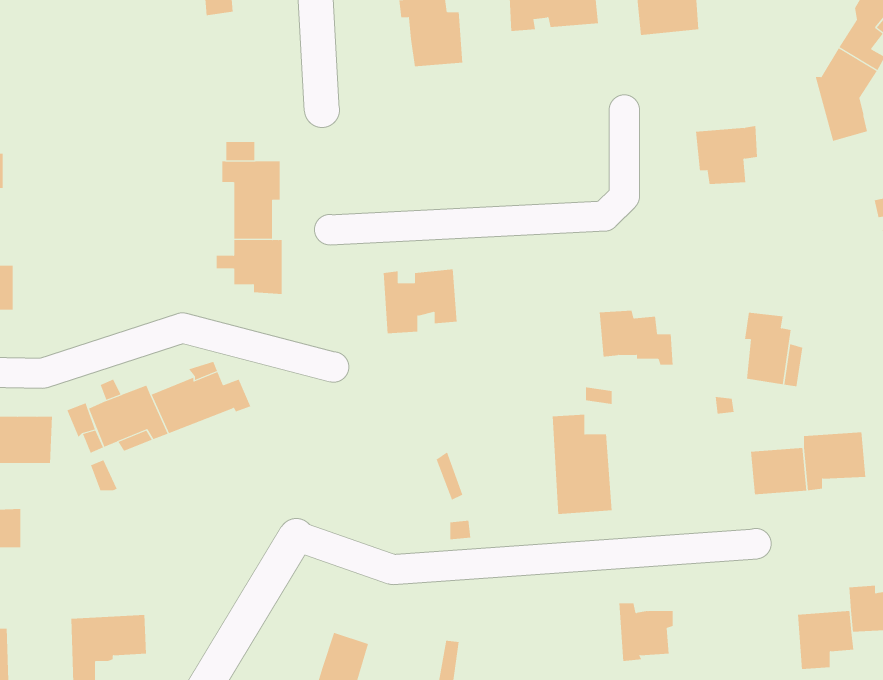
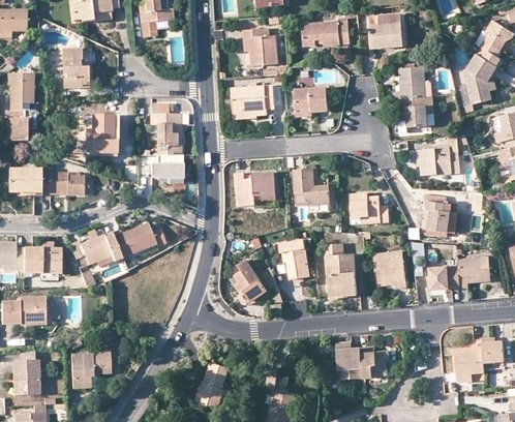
building: none -> [62,48,89,88]
building: none -> [396,65,426,98]
building: none -> [231,85,274,114]
building: none -> [294,85,328,111]
building: none -> [86,119,116,156]
building: none -> [420,135,459,175]
building: none -> [295,168,335,205]
building: none -> [41,169,84,194]
building: none -> [279,239,310,279]
building: none -> [373,250,405,289]
building: none -> [235,259,267,300]
building: none -> [336,346,362,379]

